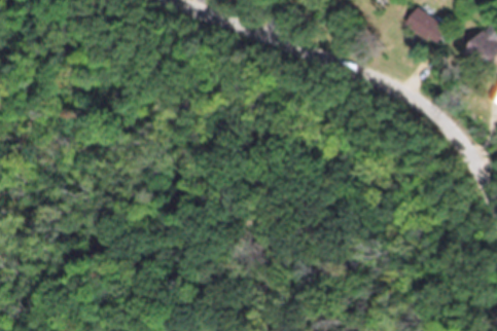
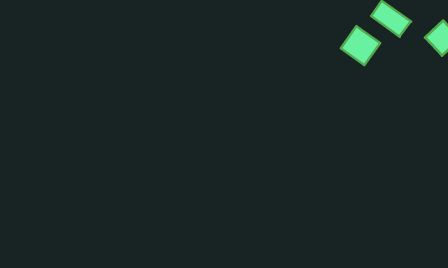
building: none -> [341,26,380,65]

